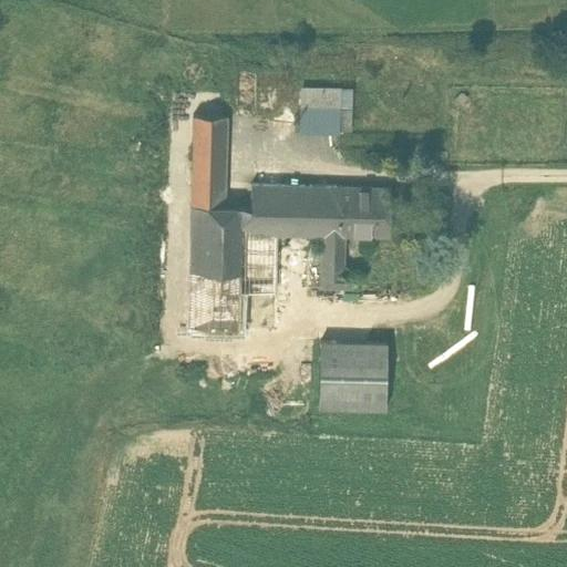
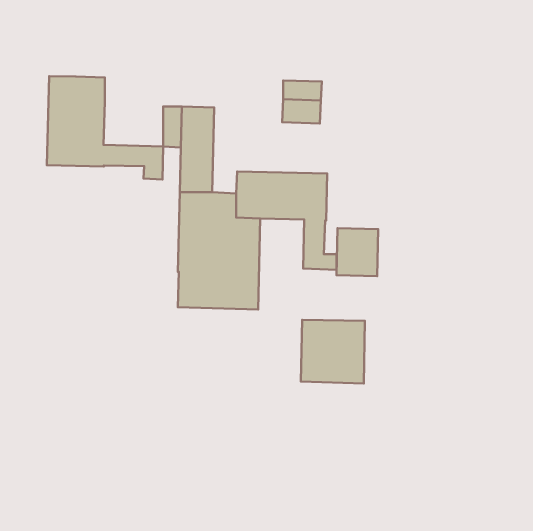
building: none -> [47,76,163,179]
building: [347,187,391,238] -> [336,228,378,276]

